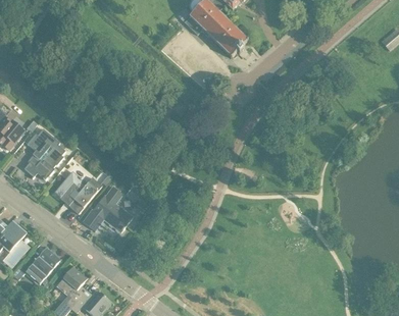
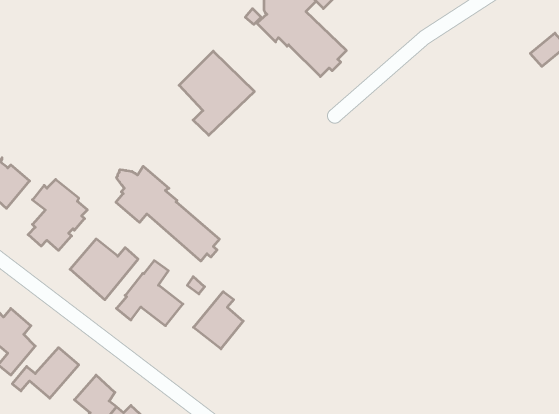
building: none -> [179,51,254,135]
building: none -> [116,166,219,261]
building: none -> [193,292,243,349]

